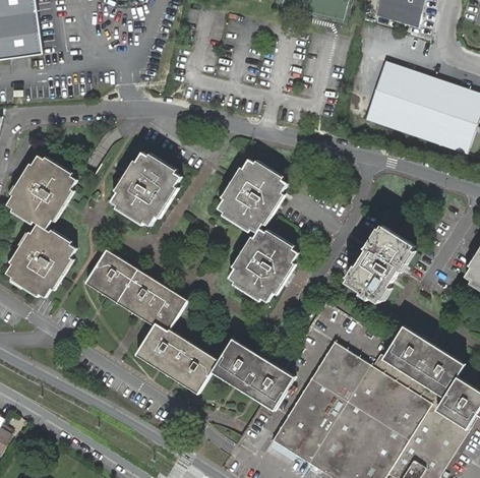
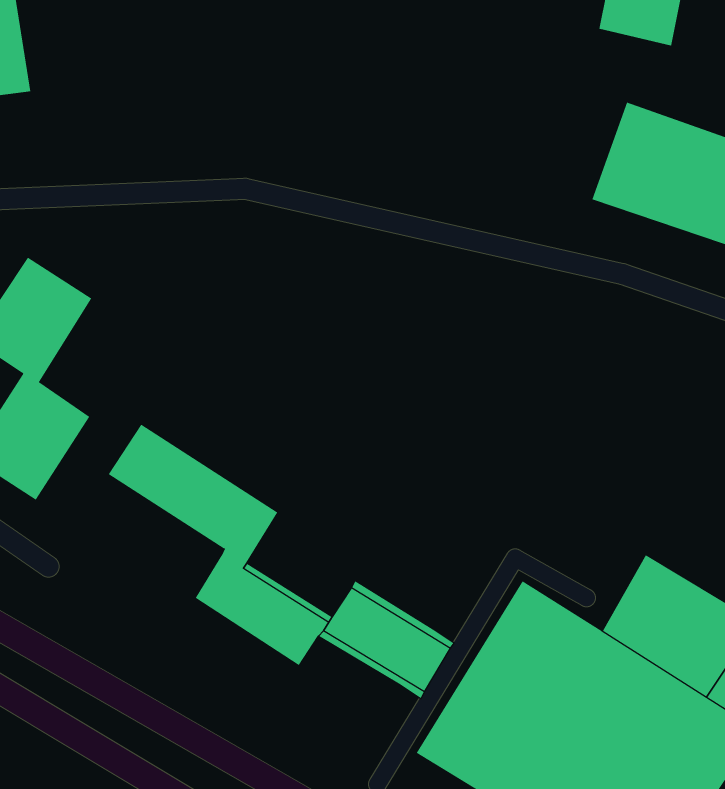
building: [205,151,296,301] -> none
building: [114,152,183,225] -> none
building: [345,223,415,302] -> none

